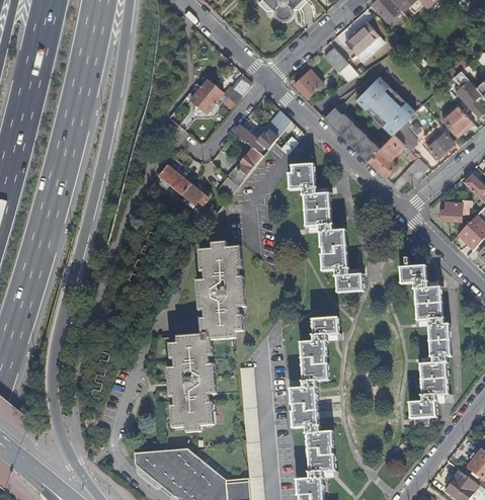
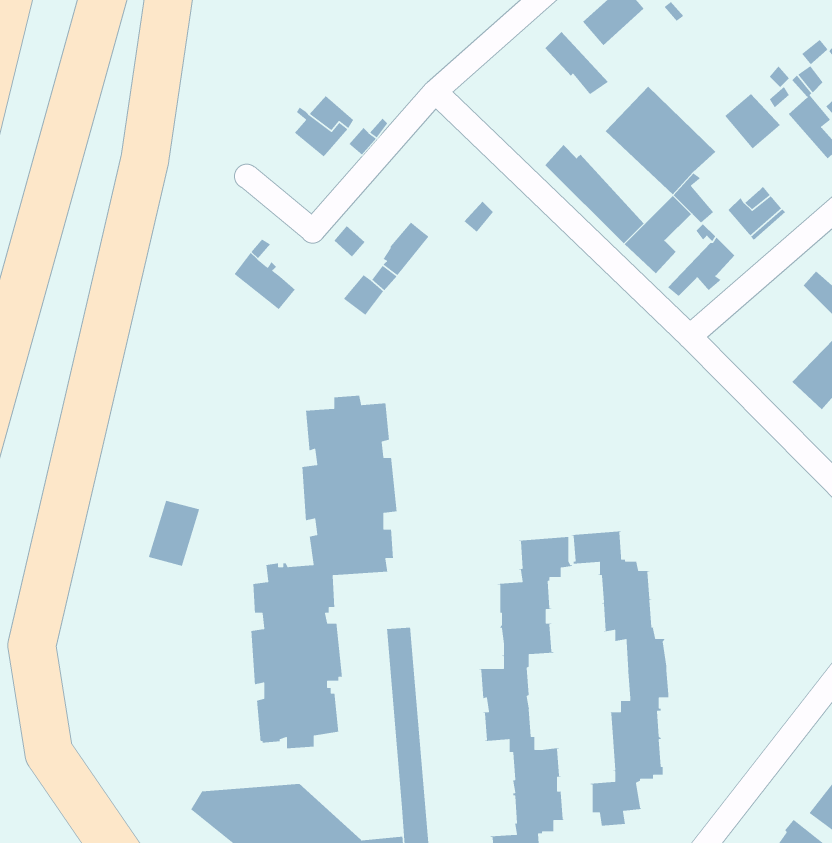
building: [294,67,326,96] -> none
building: [440,103,471,134] -> [724,93,781,150]
building: [233,115,290,153] -> none
building: [287,164,362,291] -> none
building: [181,184,211,210] -> none
building: [440,200,470,221] -> none
building: [398,265,451,424] -> [571,531,669,826]
building: none -> [148,500,200,567]

